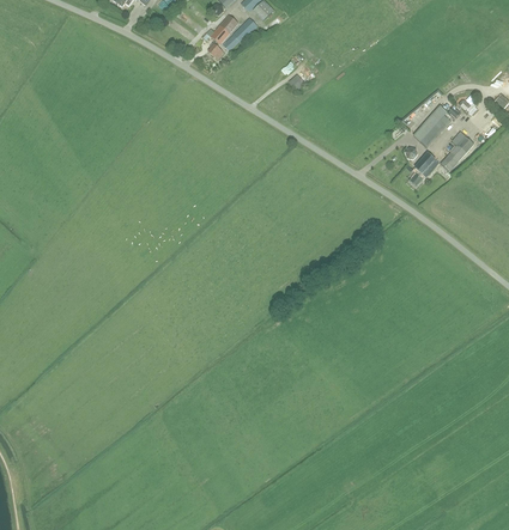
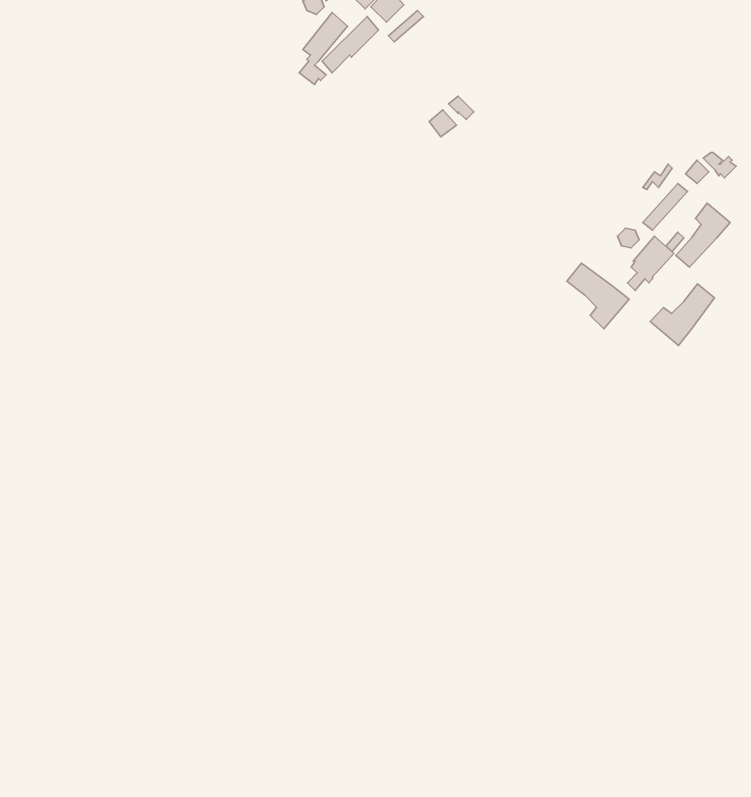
building: none -> [567,263,629,329]
building: none -> [650,284,715,345]

